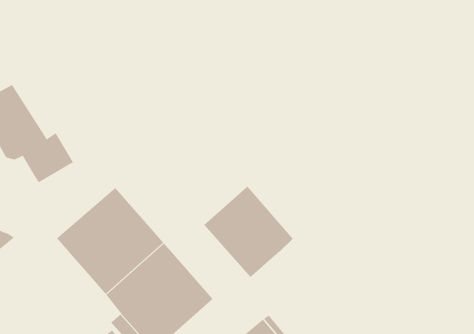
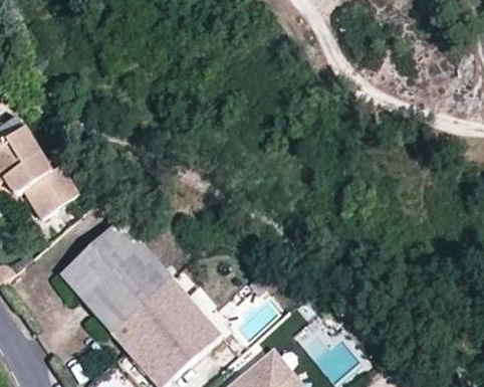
building: [204,186,293,278] -> none

